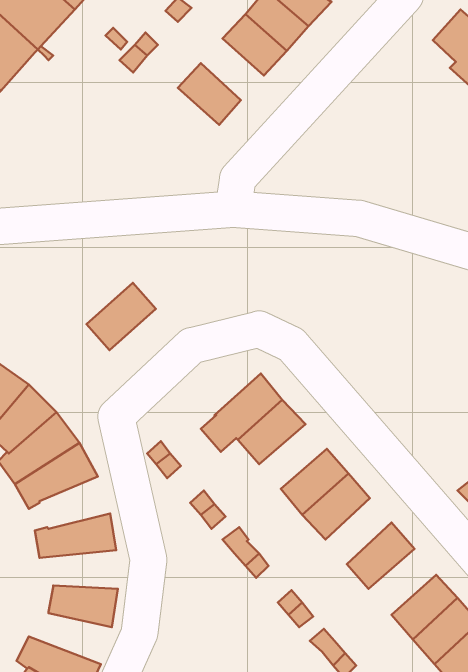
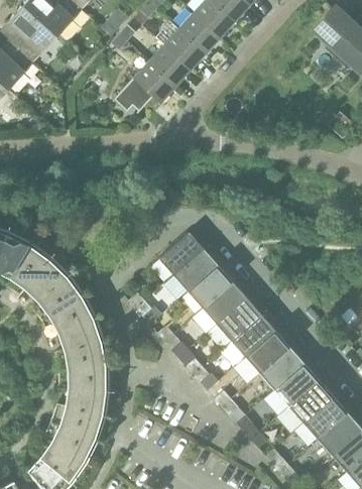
building: none -> [163,29,205,70]
building: none -> [113,62,175,113]
building: [87,283,156,350] -> [157,232,203,276]
building: none -> [192,282,246,333]
building: none -> [57,317,104,351]
building: none -> [245,331,288,374]
building: none -> [273,364,318,407]
building: none -> [57,365,109,390]
building: none -> [50,403,105,440]

